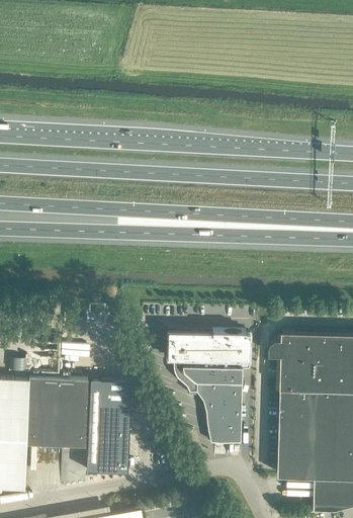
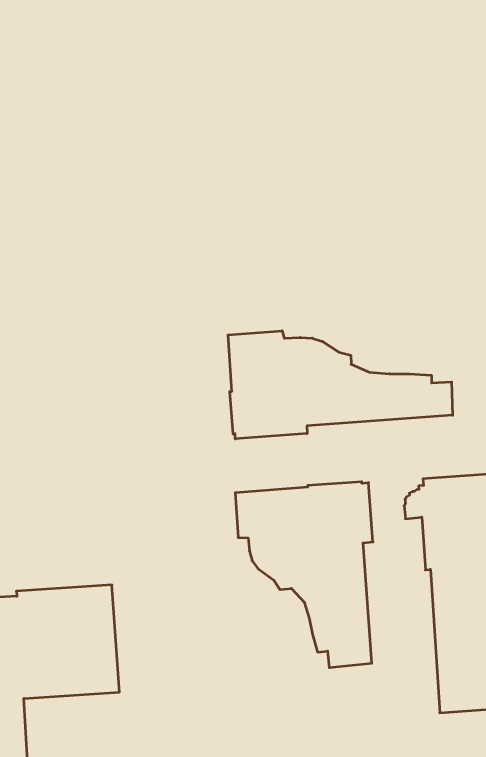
building: none -> [228,331,453,439]
building: [86,380,131,473] -> none

